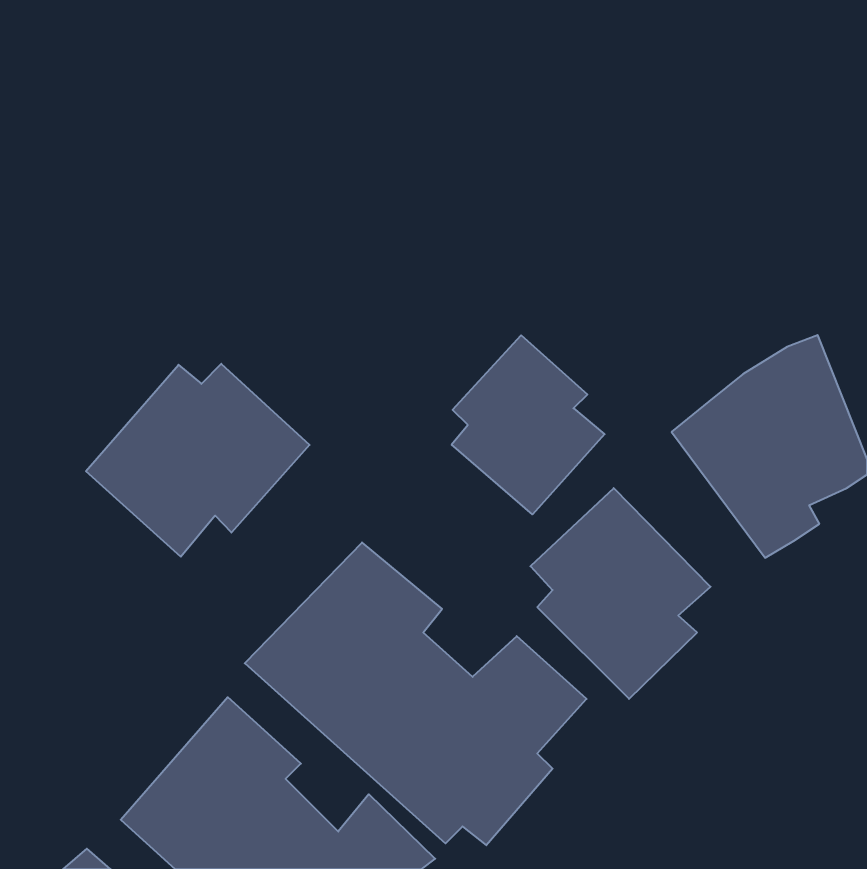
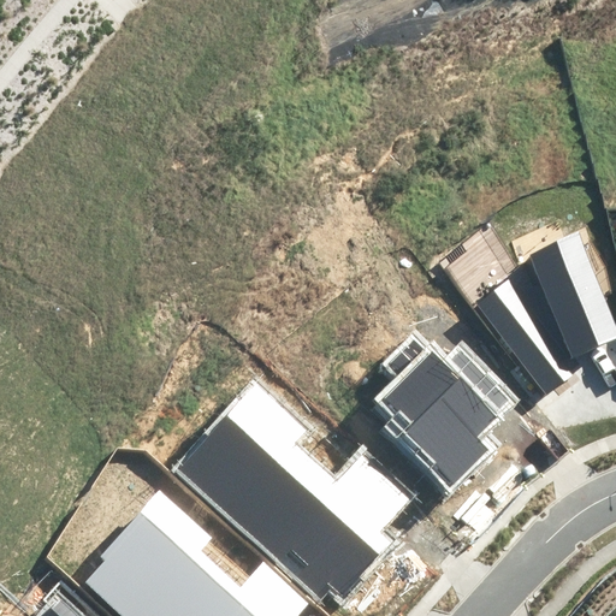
building: [452,335,605,514] -> none
building: [86,364,310,557] -> none

